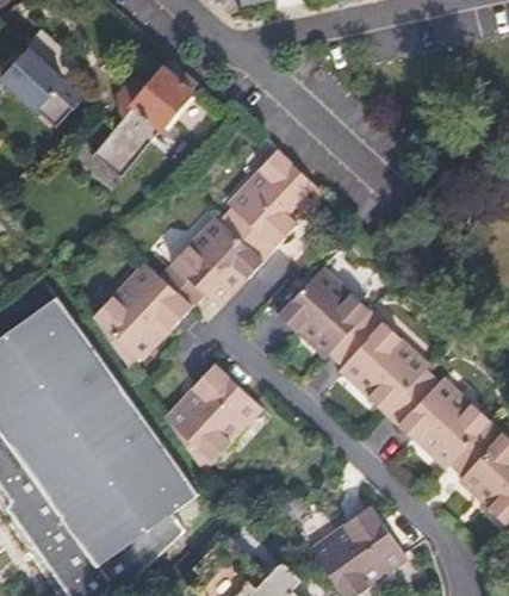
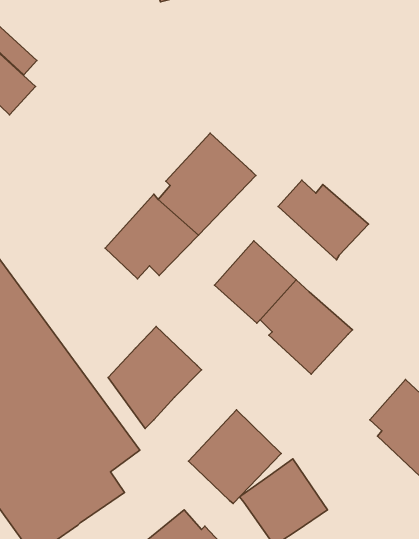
building: [89,62,201,178] -> none
building: none -> [278,180,368,260]
building: [93,262,195,368] -> none
building: [386,368,490,467] -> none
building: none -> [189,410,281,504]

